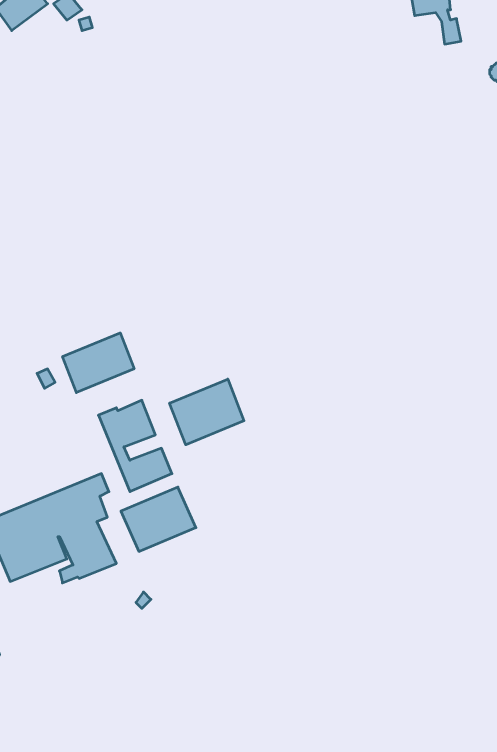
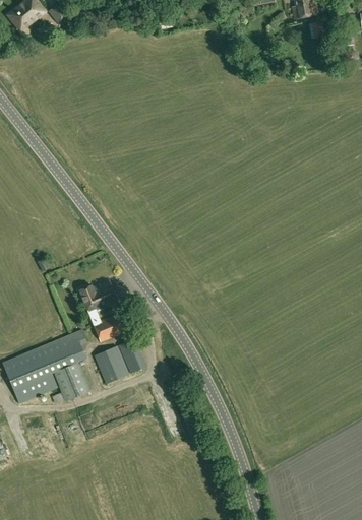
building: [63,333,134,393] -> none
building: [170,379,244,445] -> none

